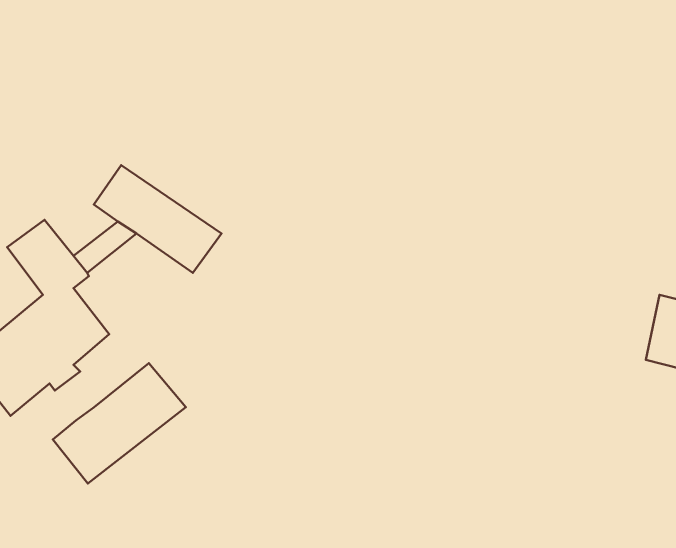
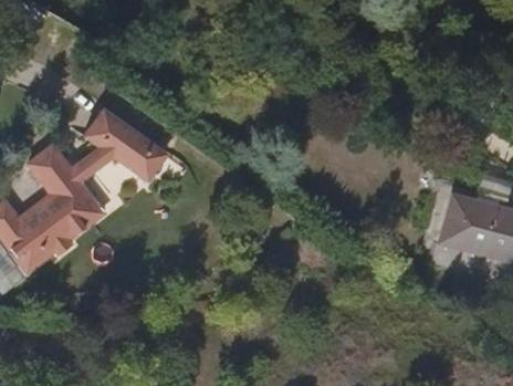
building: [53,363,186,483] -> none

